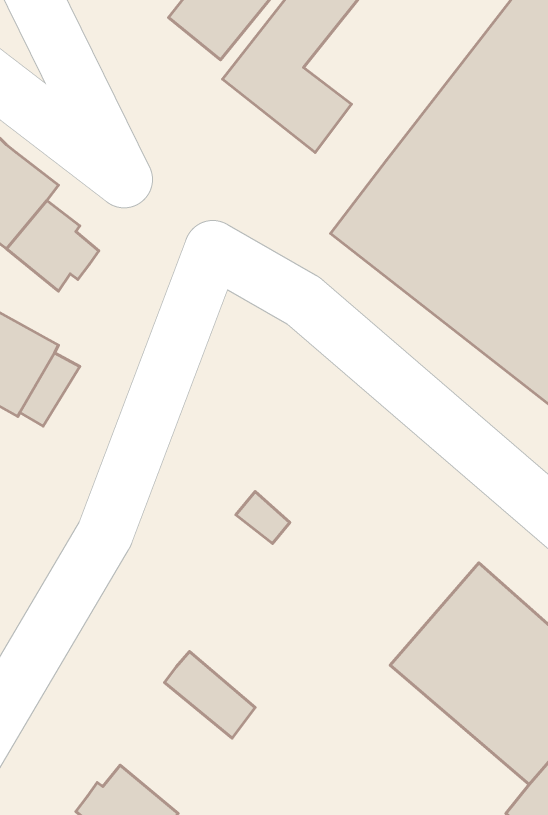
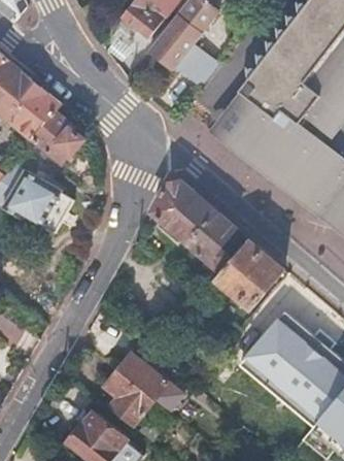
building: none -> [153,182,234,273]
building: none -> [215,241,280,307]
building: none -> [104,371,154,427]

